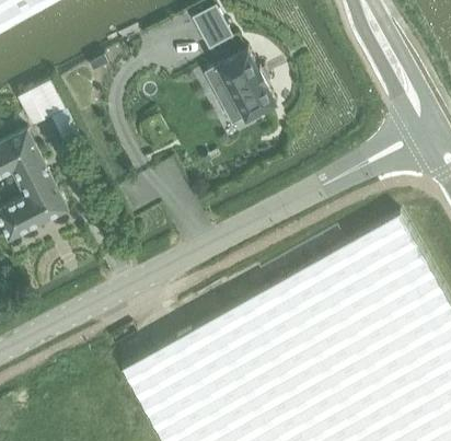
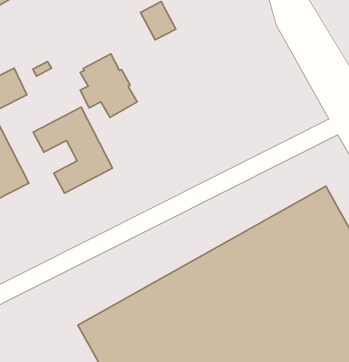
building: [213,50,277,121] -> [80,54,137,118]
building: none -> [33,107,113,193]

